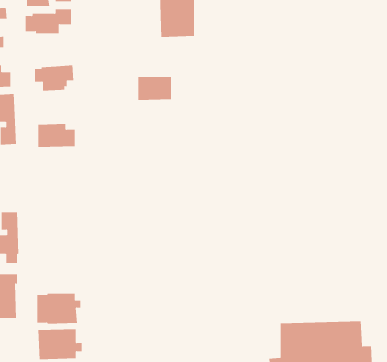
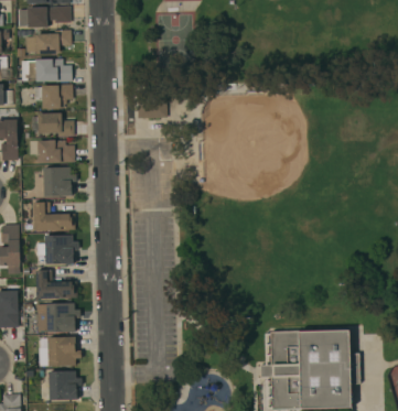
building: none -> [21,58,72,82]
building: none -> [31,112,74,137]
building: none -> [43,166,76,196]
building: none -> [33,202,74,230]
building: none -> [44,235,77,264]
building: none -> [35,270,76,299]

